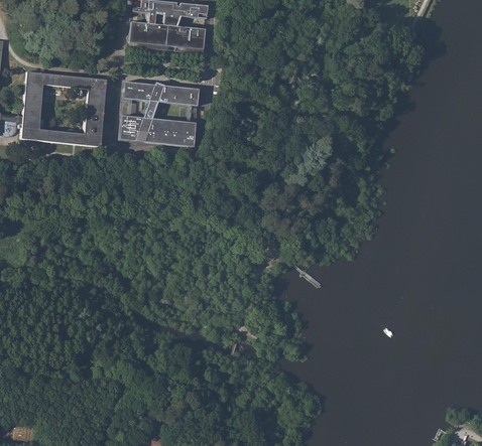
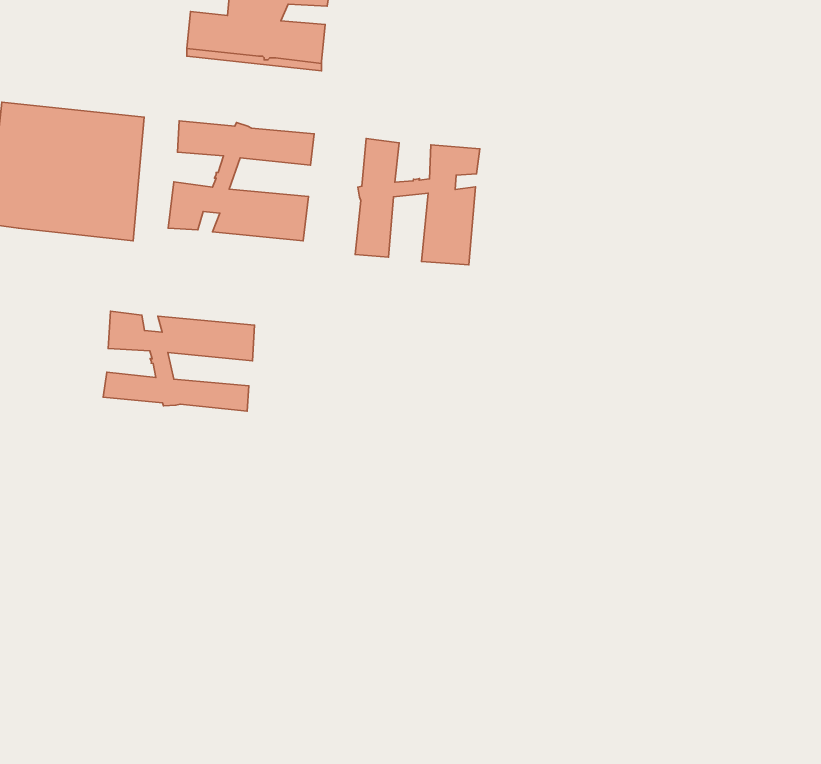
building: none -> [355,139,480,265]
building: none -> [103,311,254,411]

